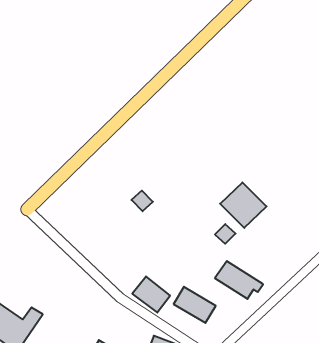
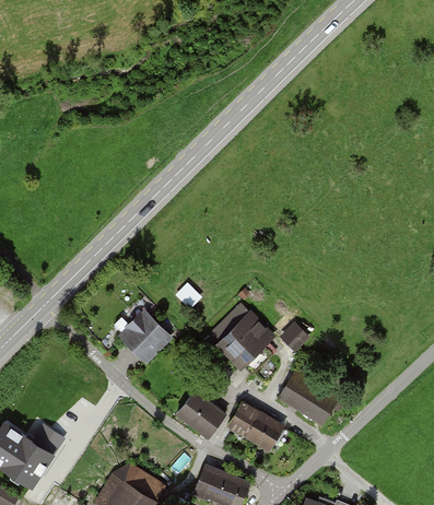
building: [220,182,267,228] -> [212,306,271,364]
building: none -> [117,305,174,362]

